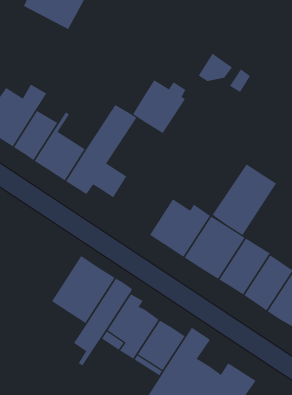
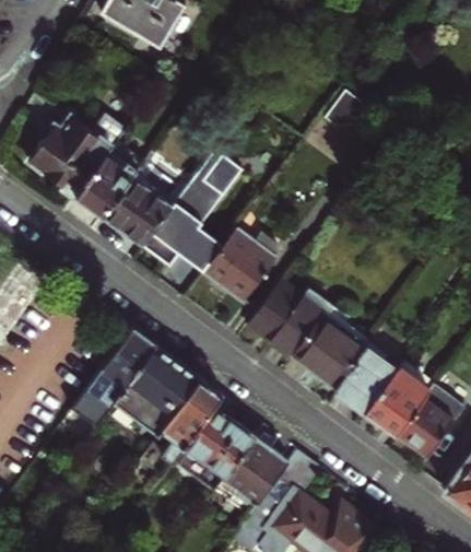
building: [132,80,186,134] -> [205,228,279,301]
building: [212,164,277,236] -> none
building: none -> [59,328,156,444]

